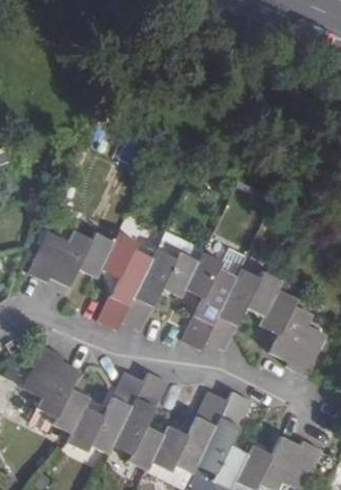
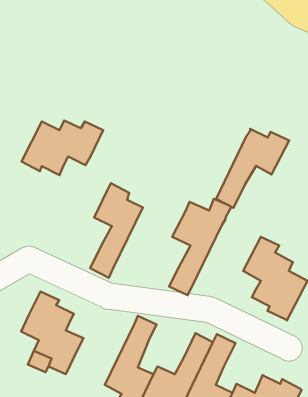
building: [27,228,114,287] -> [21,120,103,175]
building: [120,248,198,331] -> none
building: [204,267,282,351] -> [216,129,289,208]
building: [66,372,143,454] -> none

